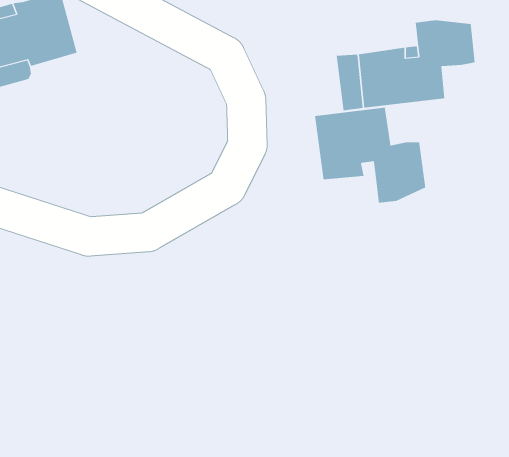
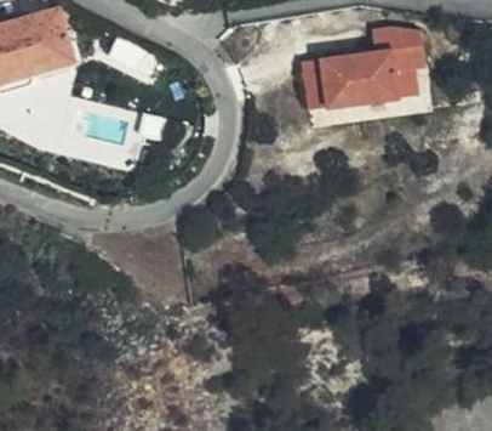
building: [314,107,426,203] -> none

